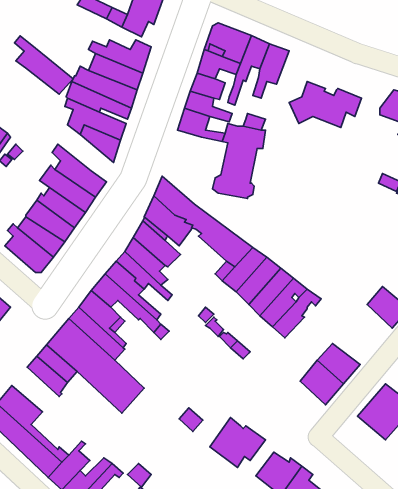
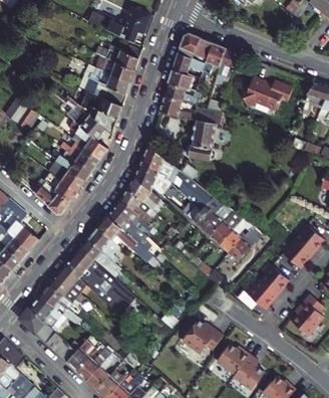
building: [14,36,73,94] -> [65,98,107,141]
building: none -> [283,237,314,268]
building: none -> [40,282,79,325]

